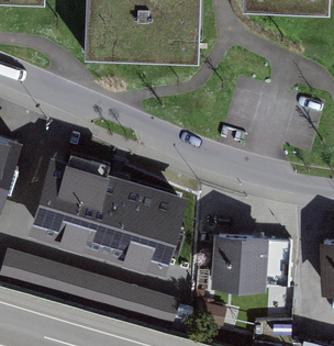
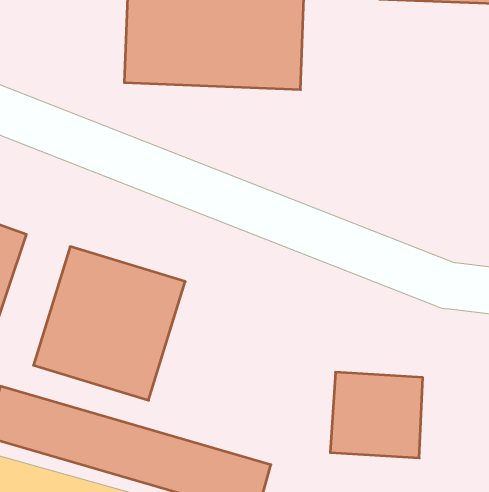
building: [99,180,185,275] -> none

